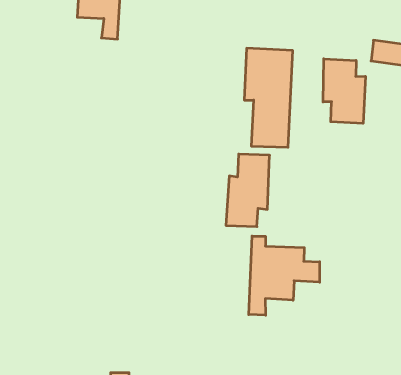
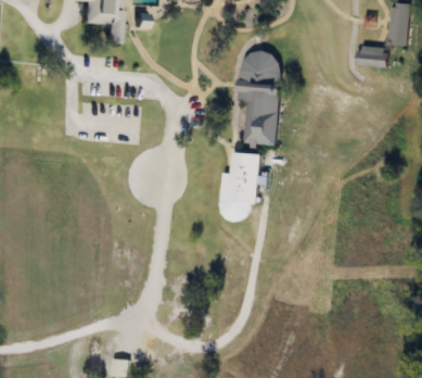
building: [323,59,365,123] -> none
building: [249,236,320,315] -> none

